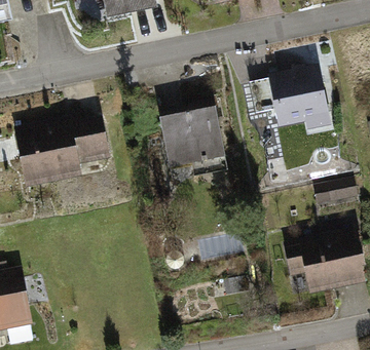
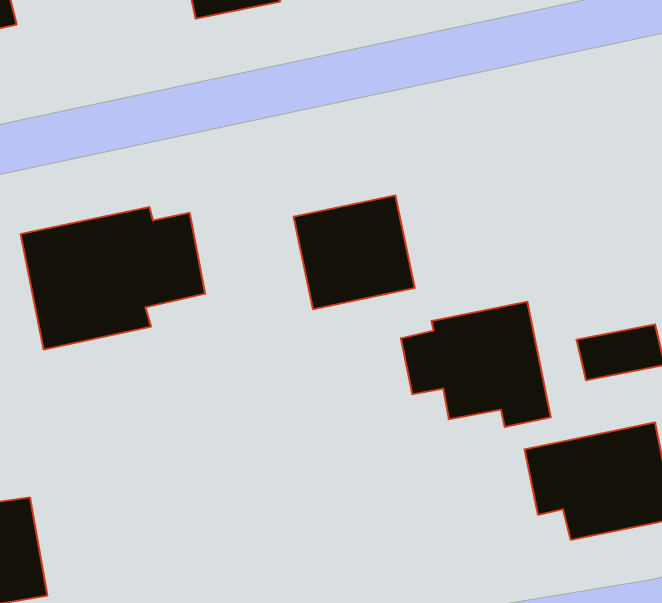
building: [250,66,330,132] -> [401,302,551,427]

